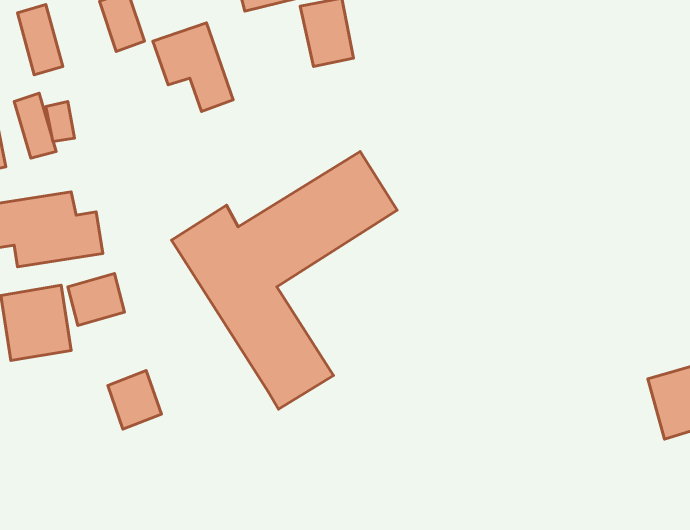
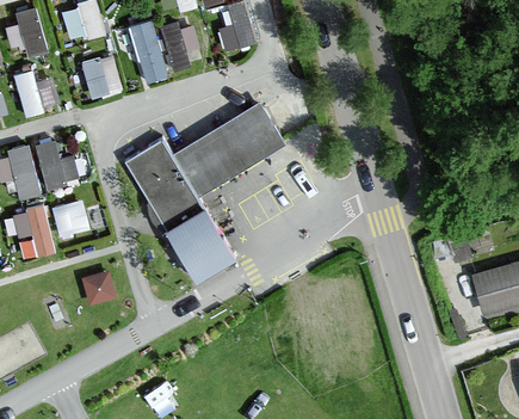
building: none -> [166,25,197,64]
building: none -> [70,58,119,100]

